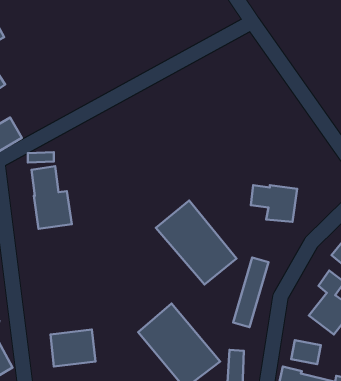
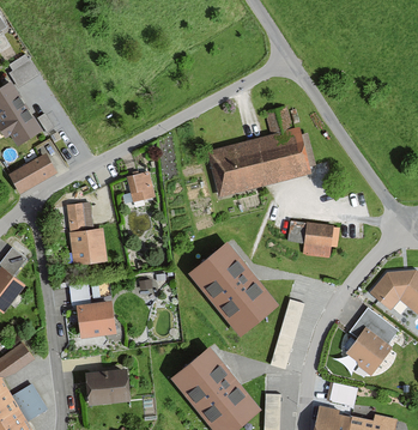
building: none -> [207,108,313,198]
building: none -> [125,171,155,202]
building: none -> [68,285,115,339]

